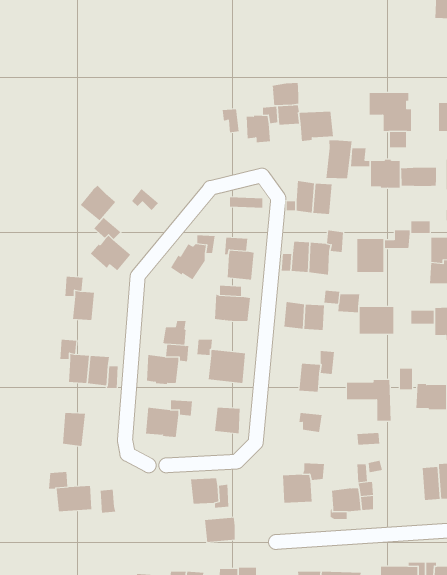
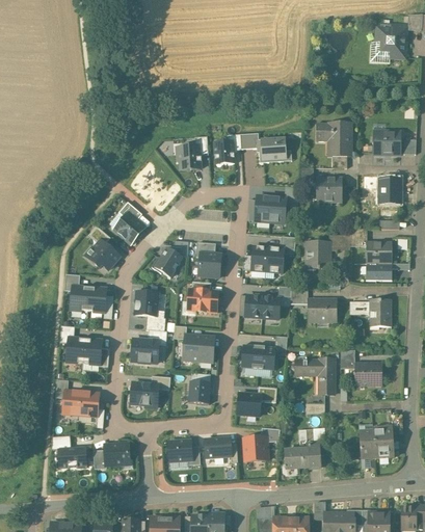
building: [272,82,299,106] -> none
building: none -> [179,145,201,169]
building: [326,139,352,179] -> none
building: [400,167,437,187] -> none
building: [80,185,116,221] -> [114,213,144,243]
building: none -> [87,288,106,312]
building: none -> [135,292,158,316]
building: none -> [241,345,260,369]
building: none -> [79,388,99,417]
building: none -> [238,394,261,416]
building: none -> [105,445,130,464]
building: [204,517,236,542] -> [205,437,231,458]

